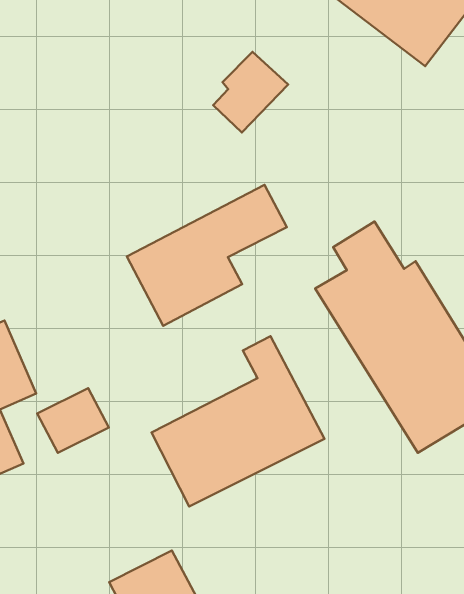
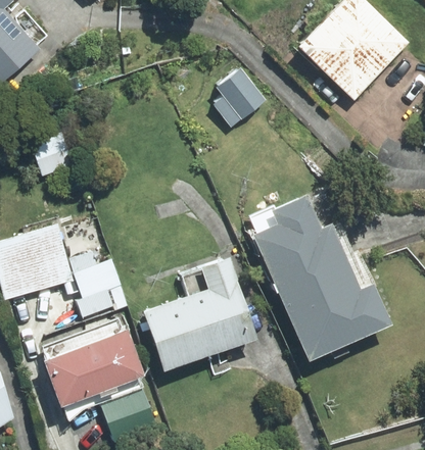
building: [127,185,287,326] -> none
building: none -> [49,329,146,404]

